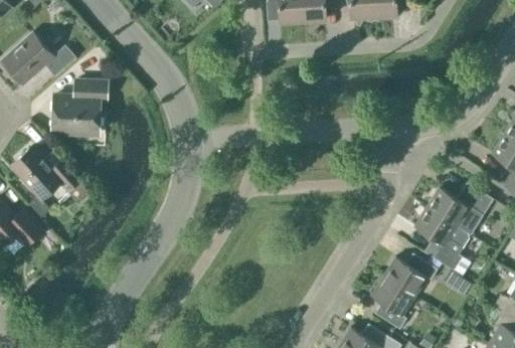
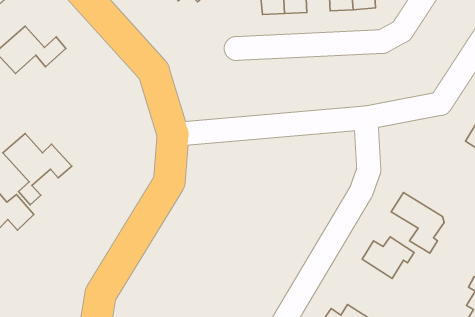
building: [52,82,107,134] -> none
building: [426,183,493,235] -> none
building: [370,277,414,330] -> none

